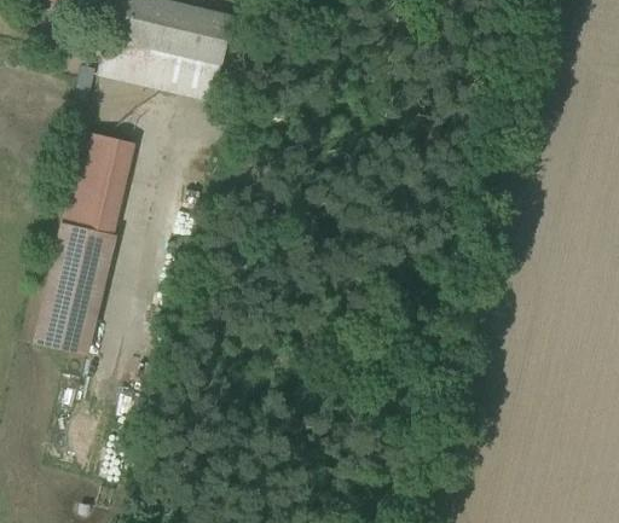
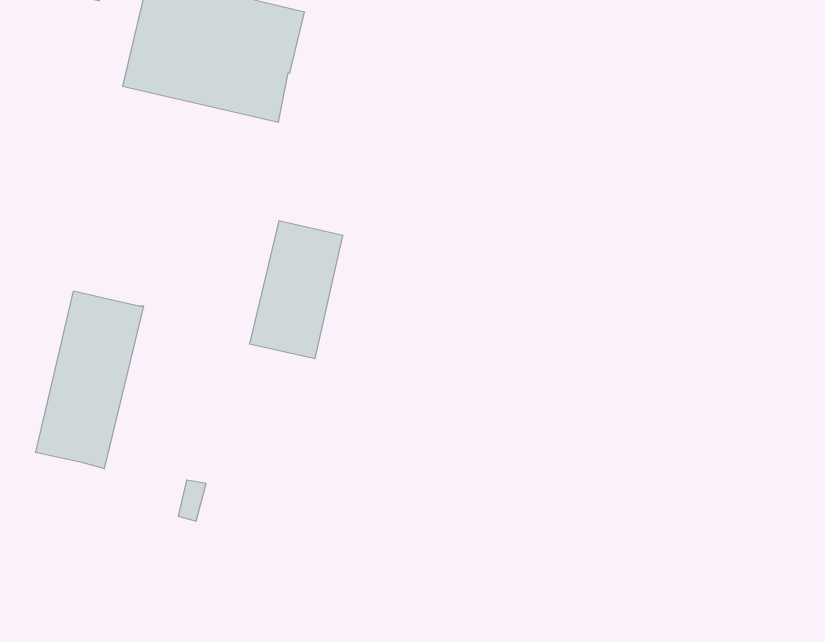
building: [64,132,133,233] -> [249,221,343,359]

